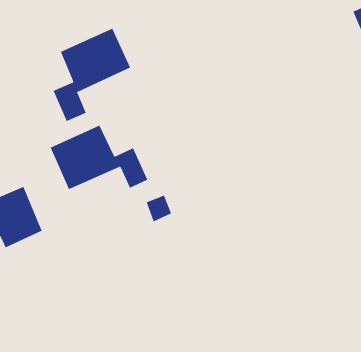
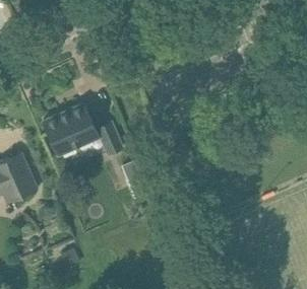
building: [53,28,131,122] -> none

